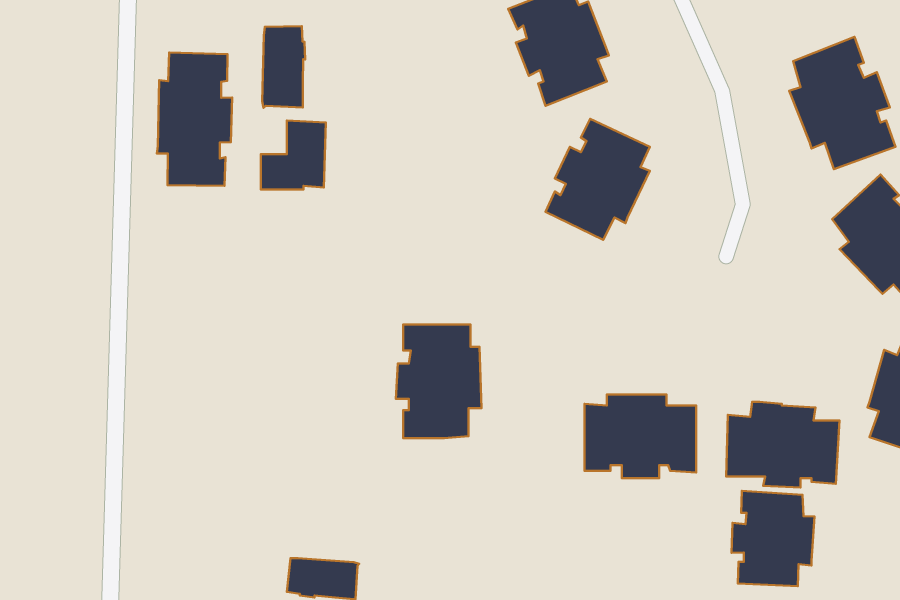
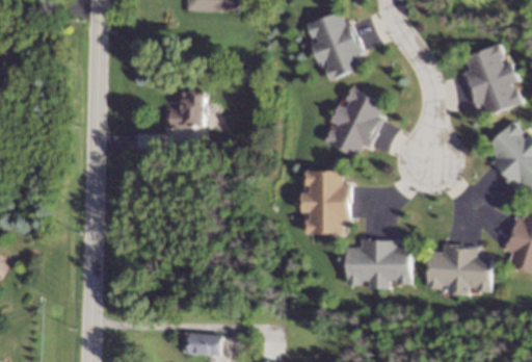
building: [262,26,305,108] -> none
building: [157,52,232,186] -> none
building: [396,324,482,438] -> [302,170,350,233]
building: [731,491,814,586] -> none

